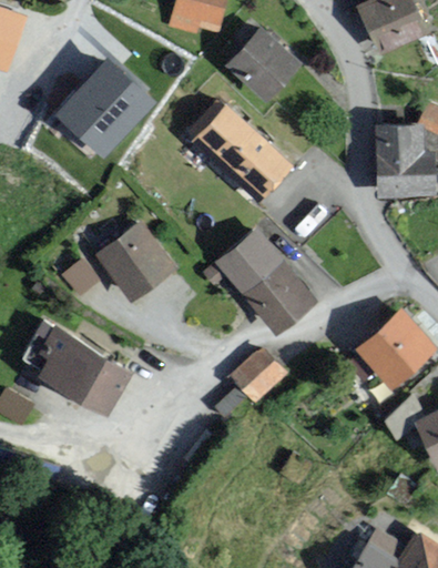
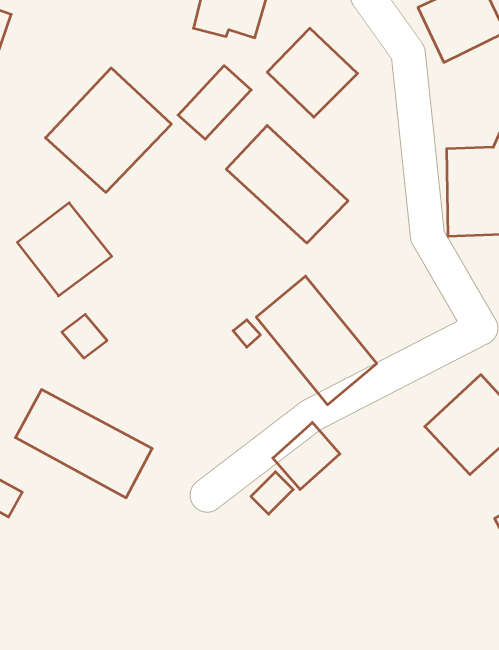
building: none -> [178,66,251,139]
building: [100,223,176,298] -> [17,203,112,296]

